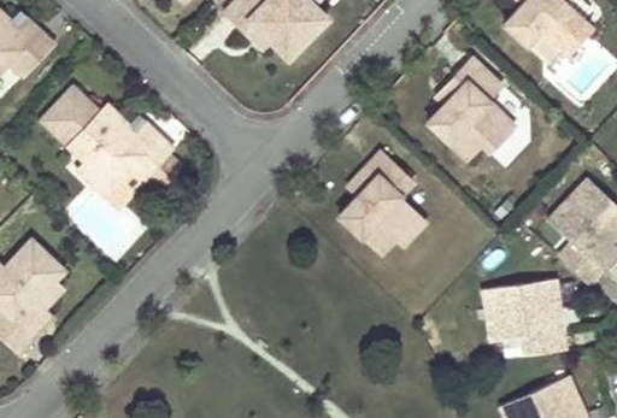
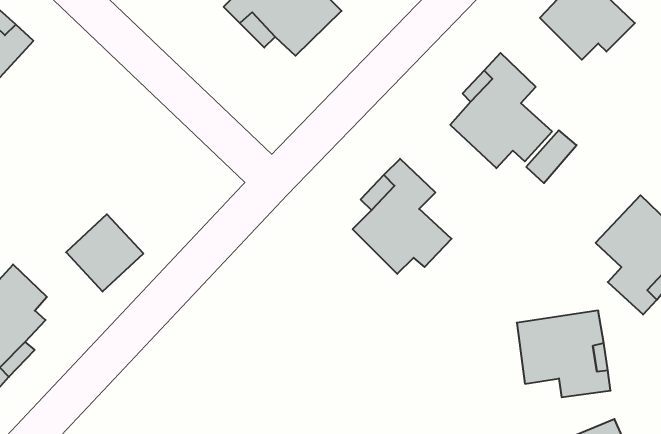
building: [40,87,182,194] -> none

